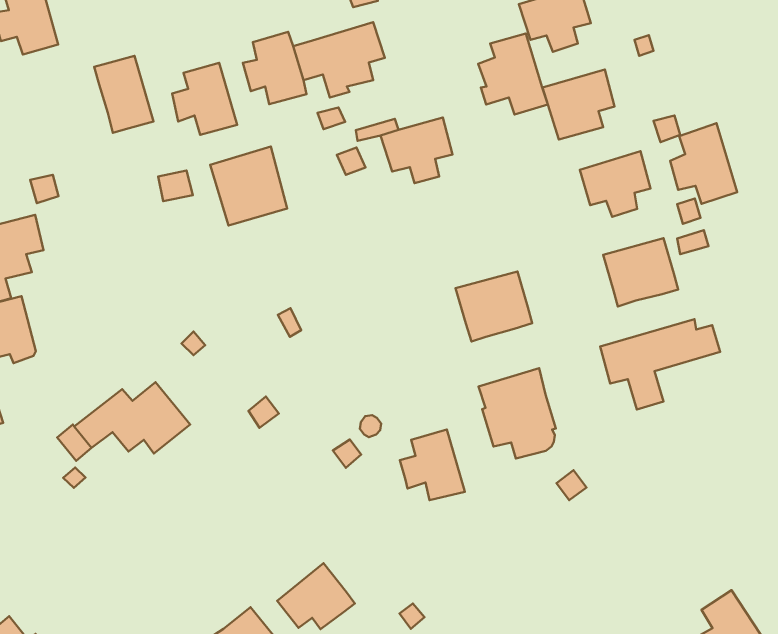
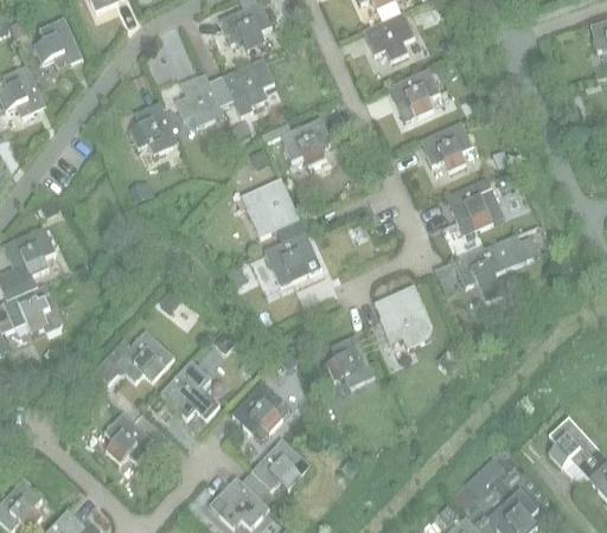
building: [478,34,548,115] -> none
building: [94,56,153,133] -> none
building: [670,123,737,204] -> none
building: [210,146,287,225] -> [241,179,299,238]
building: [456,272,532,342] -> [263,233,320,287]
building: none -> [161,361,219,419]
building: none -> [234,384,288,438]
building: none -> [106,413,155,462]

